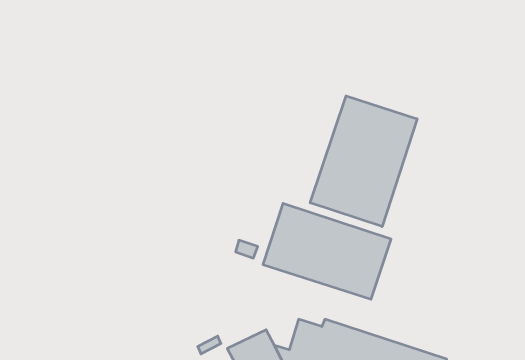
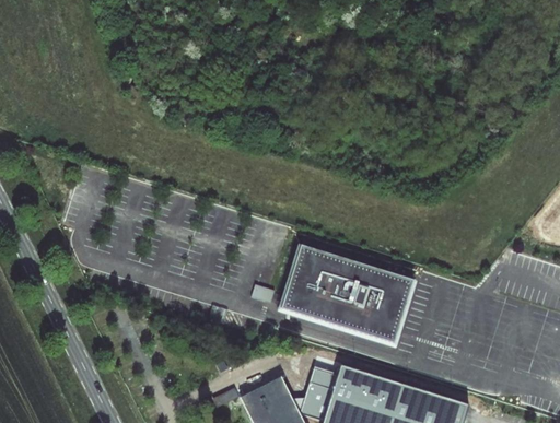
building: [310,96,417,227] -> none

